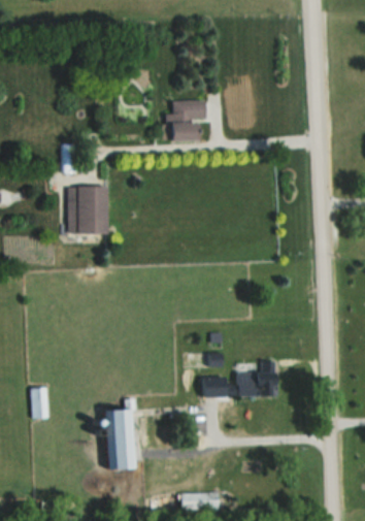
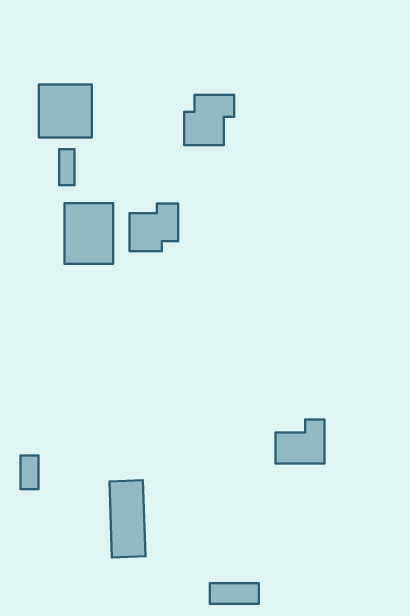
building: none -> [39,84,92,138]
building: none -> [129,203,178,251]
building: [204,376,227,395] -> none

